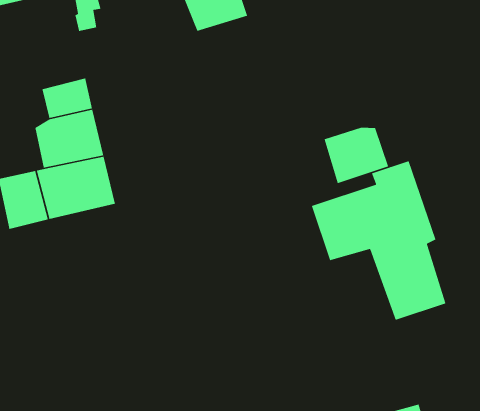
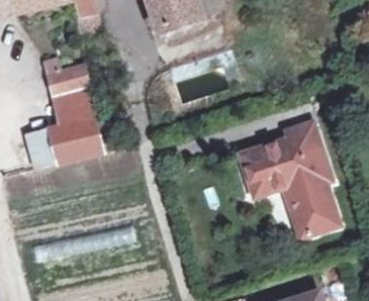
building: [323,127,389,184] -> none

